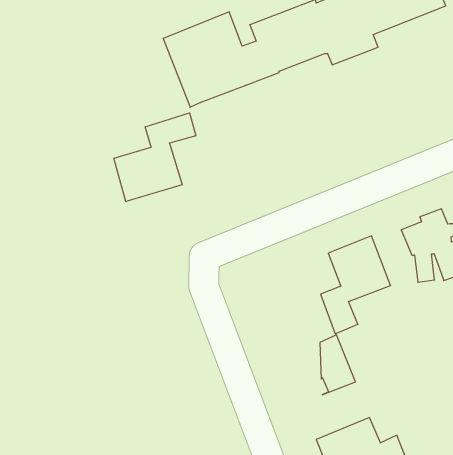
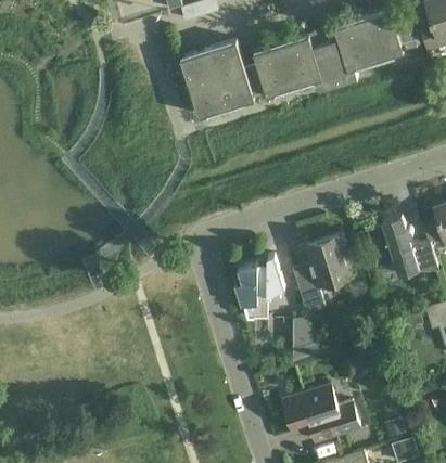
building: [114,113,196,202] -> none
building: none -> [234,256,285,319]

